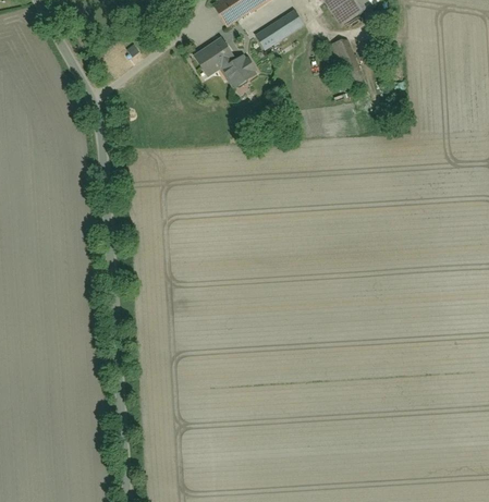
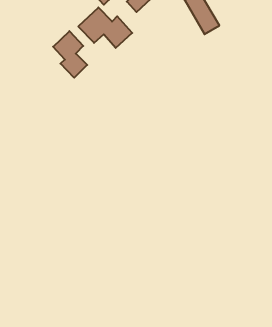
building: none -> [53,31,87,78]

